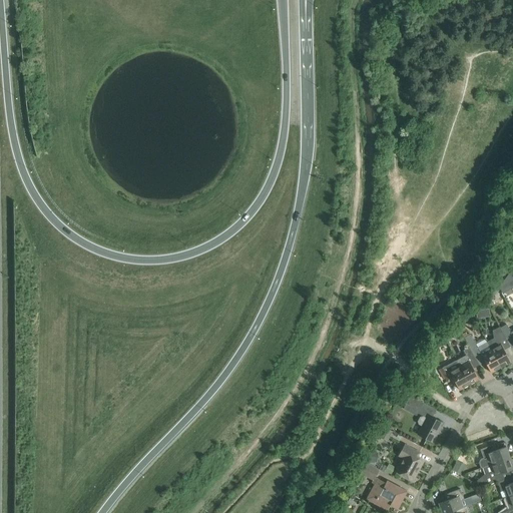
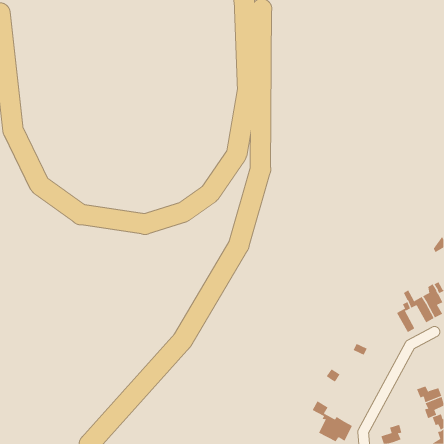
building: [440,361,470,390] -> none
building: [418,415,444,443] -> none
building: [396,445,423,480] -> none

